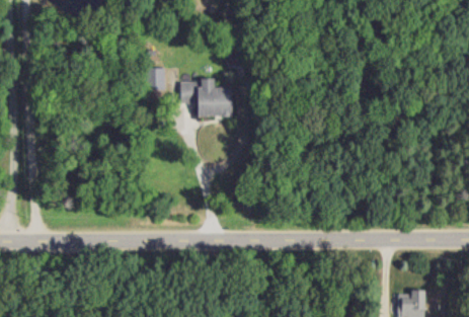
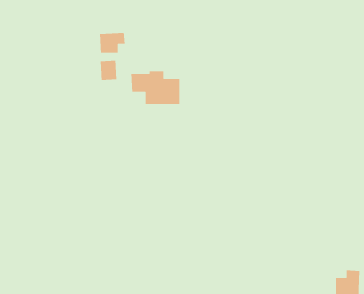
building: none -> [99,32,126,54]

